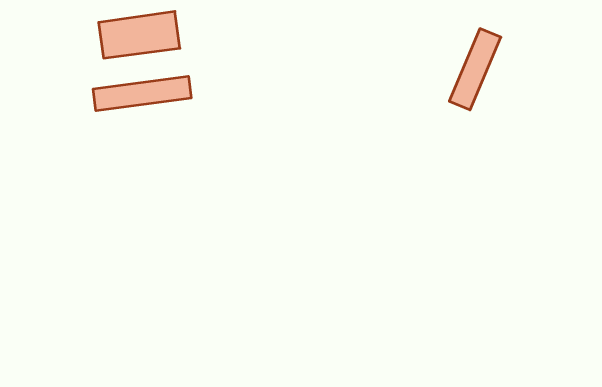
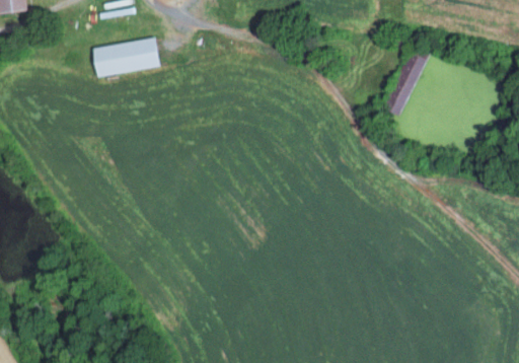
building: [93,76,191,111] -> none

